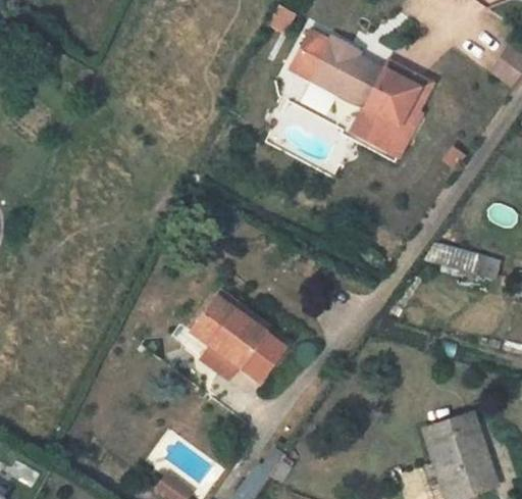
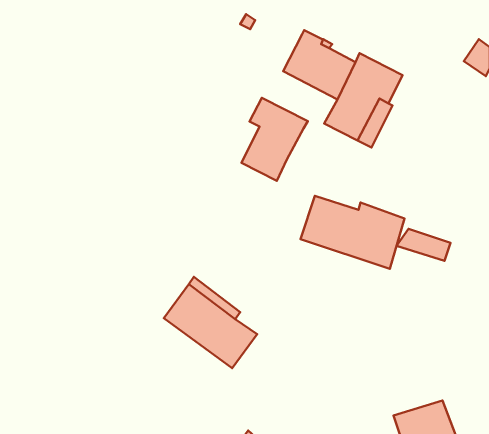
building: [291,33,330,81] -> none
building: none -> [242,98,308,181]
building: none -> [301,196,405,269]

